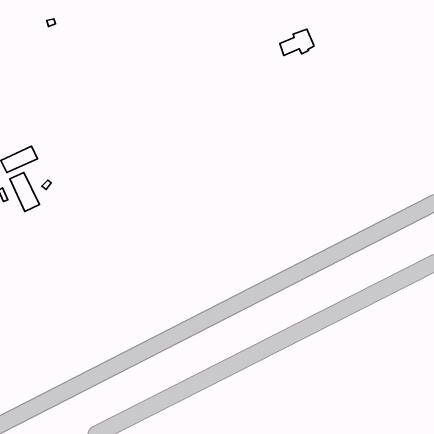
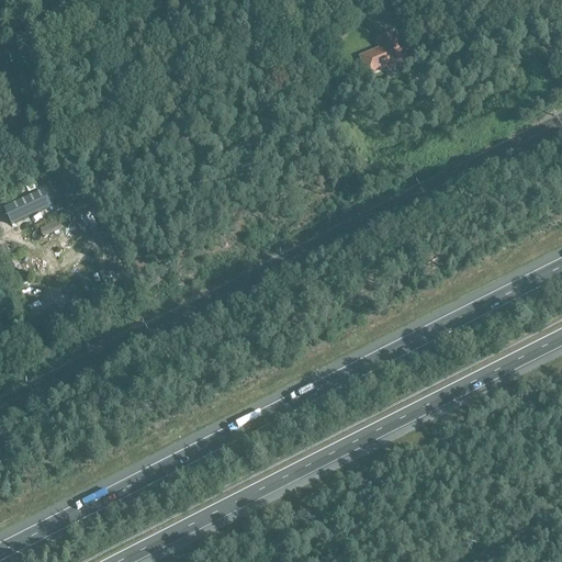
building: [10,173,40,211] -> none

